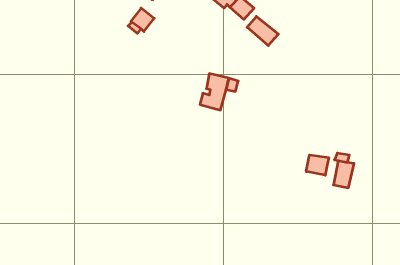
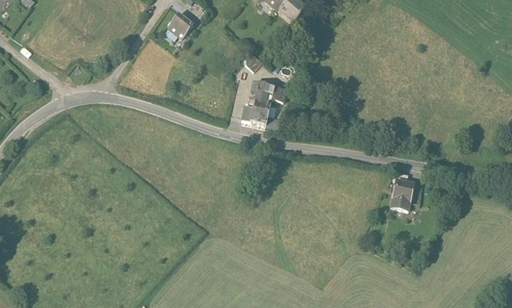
building: [247,16,278,46] -> none
building: [306,155,329,175] -> none

